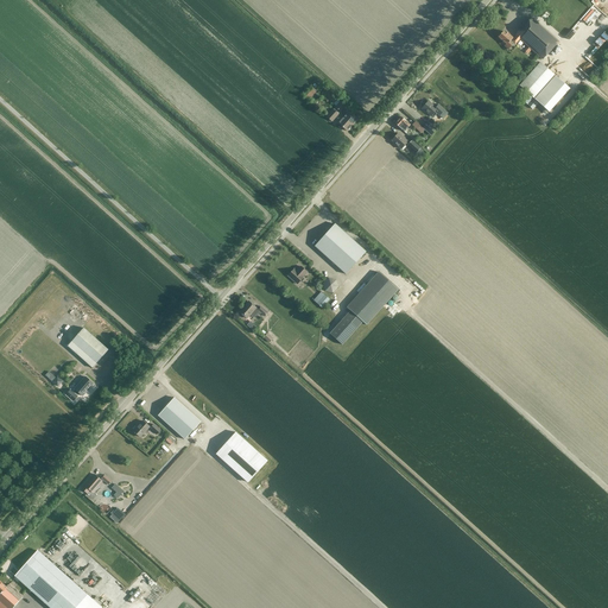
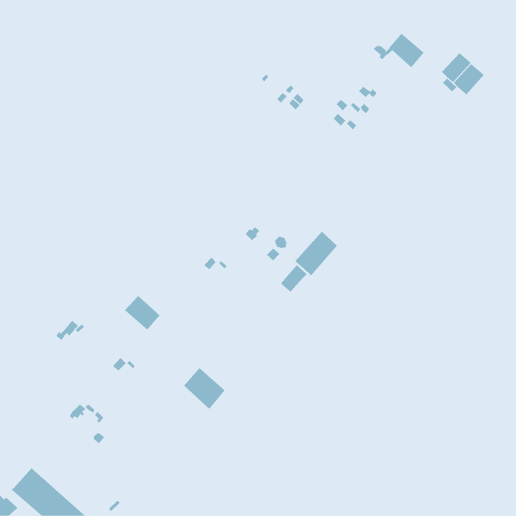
building: [496,17,557,58] -> [373,33,425,68]
building: [314,223,365,273] -> none
building: [66,327,107,367] -> none
building: [157,397,200,438] -> [124,295,161,331]

